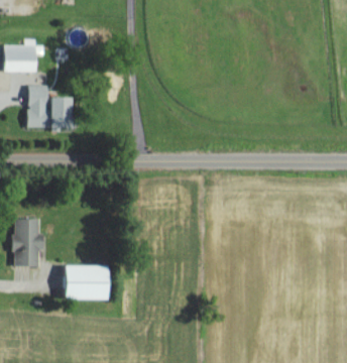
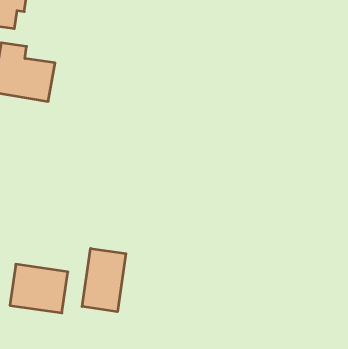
building: none -> [82,248,126,312]

